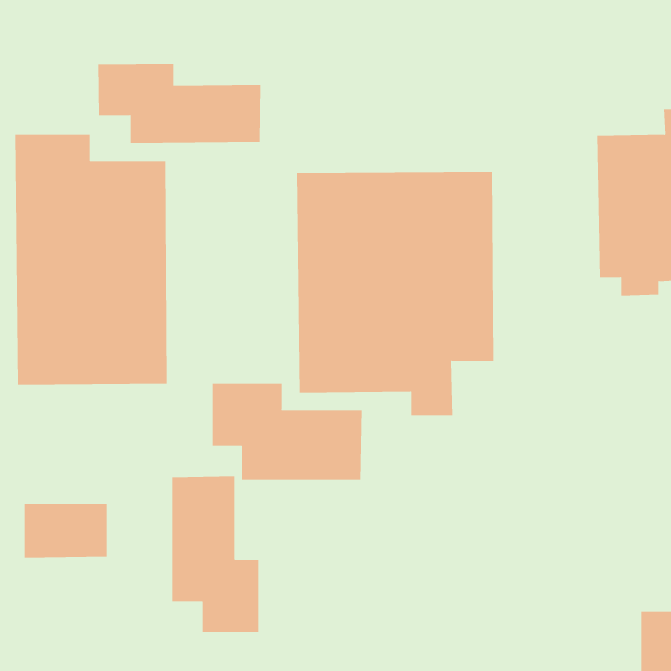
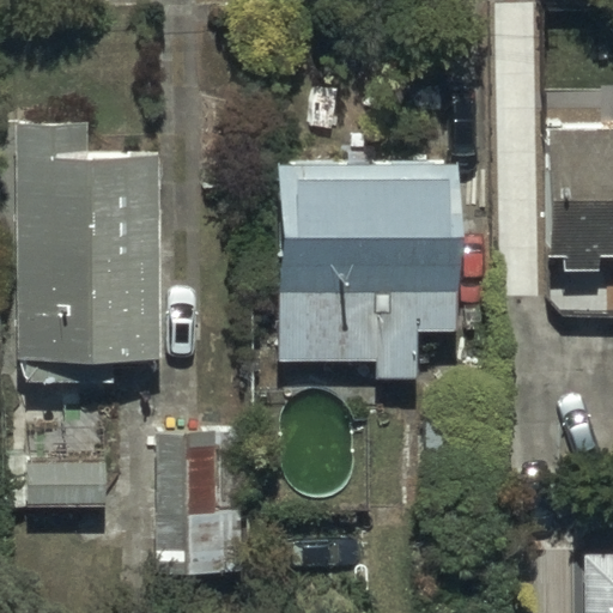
building: [98,63,261,144] -> none
building: [212,383,362,481] -> none

